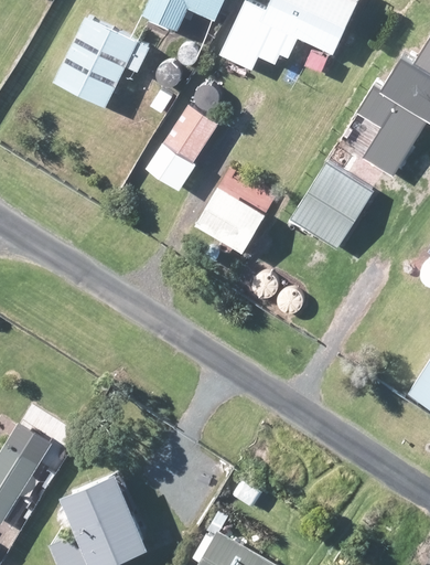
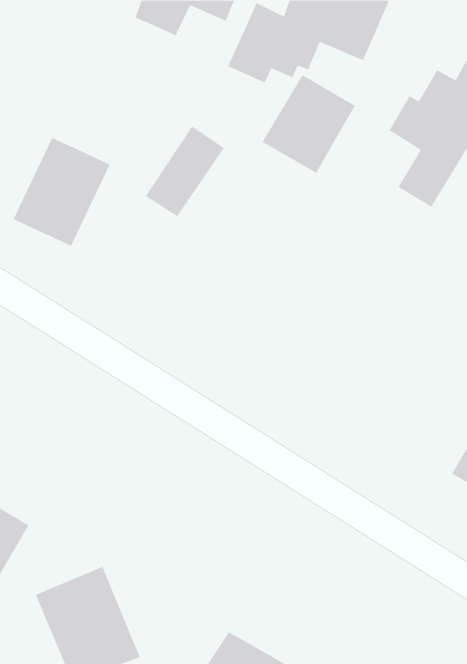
building: [53,17,136,109] -> [13,137,111,247]
building: [293,161,373,245] -> [262,74,356,174]
building: [196,190,261,252] -> none

